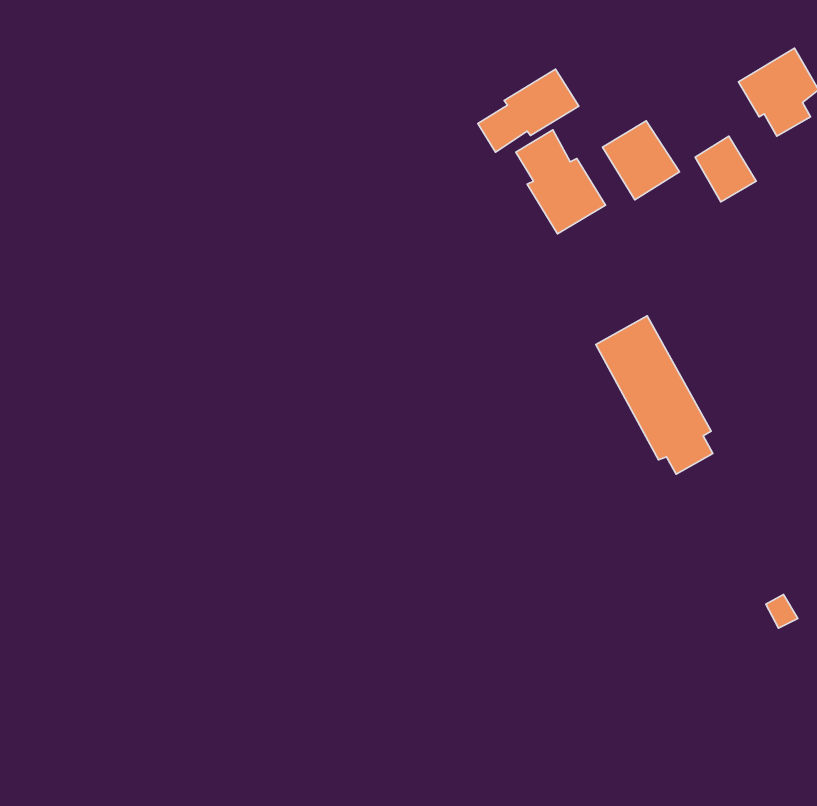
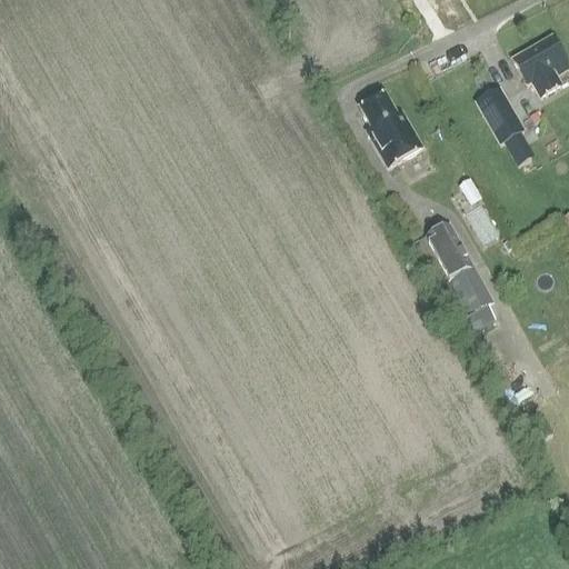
building: [478,69,579,152] -> none
building: [603,121,680,200] -> none

